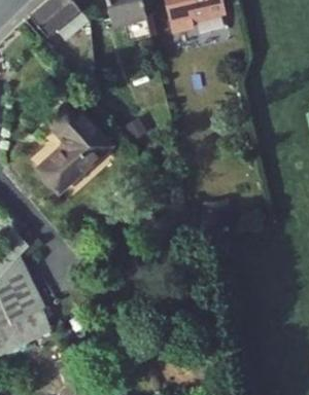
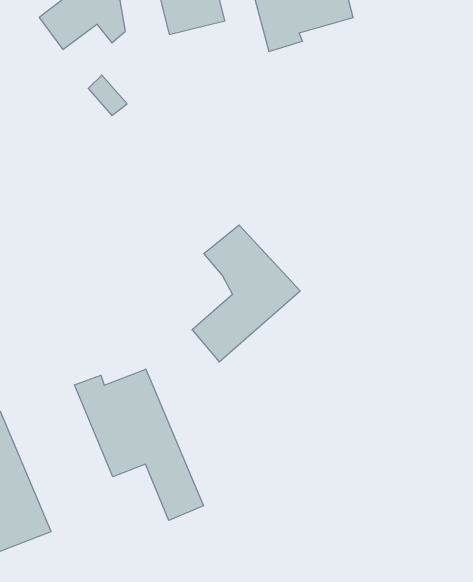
building: [42,105,108,188] -> [192,225,300,362]
building: none -> [75,369,203,520]

